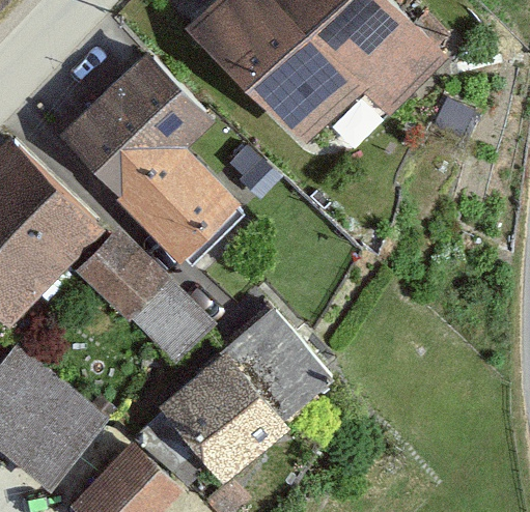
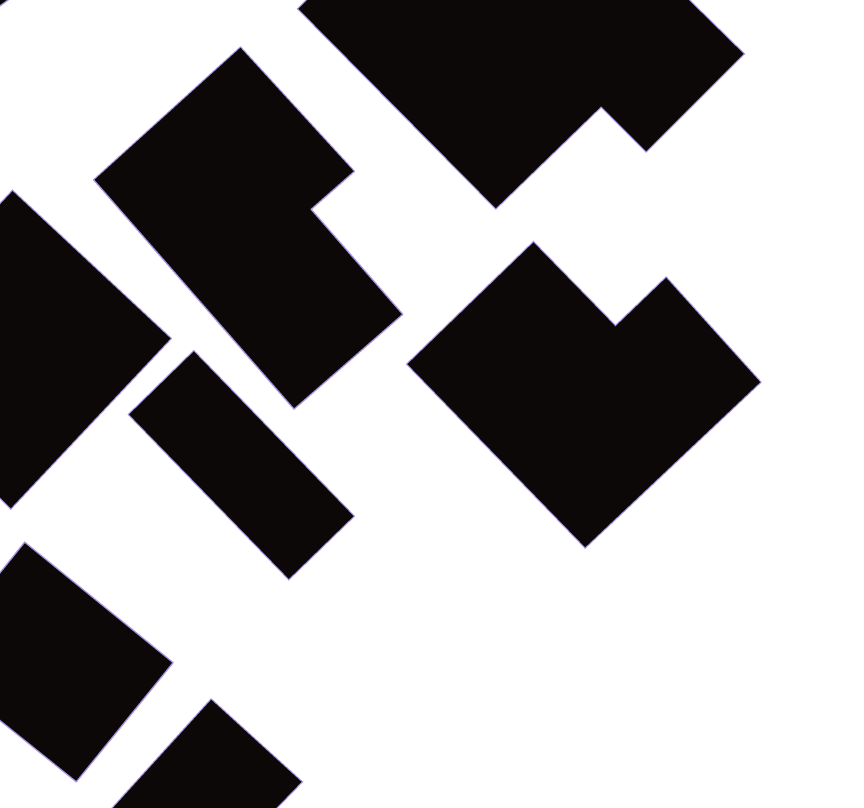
building: none -> [407,241,761,548]
building: [158,305,335,481] -> none

